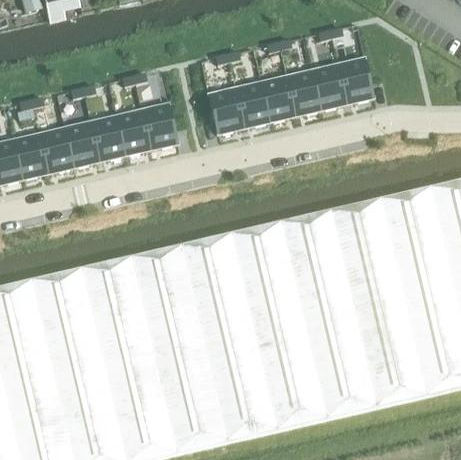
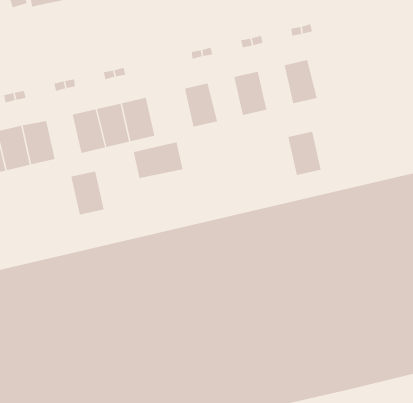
building: [332,59,367,105] -> none
building: [281,71,316,117] -> [288,131,321,176]
building: [229,83,264,129] -> none
building: [62,122,97,168] -> [71,171,104,215]
building: none -> [133,142,183,179]

